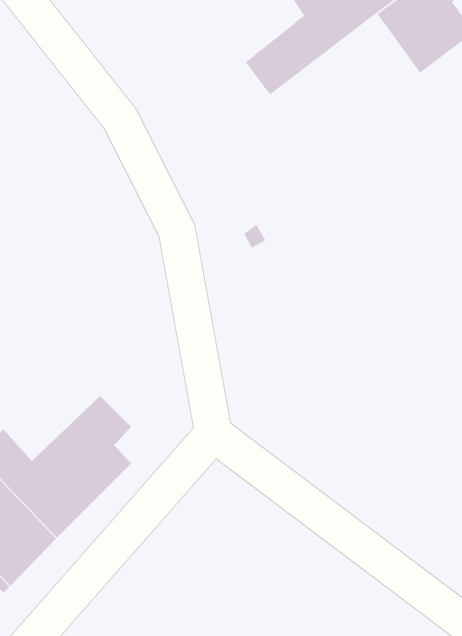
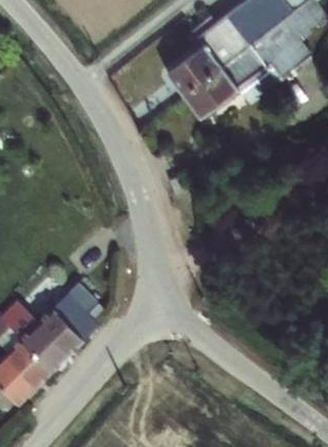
building: none -> [183,45,276,116]

